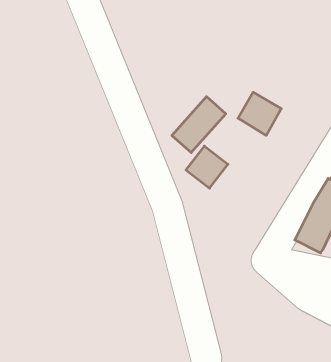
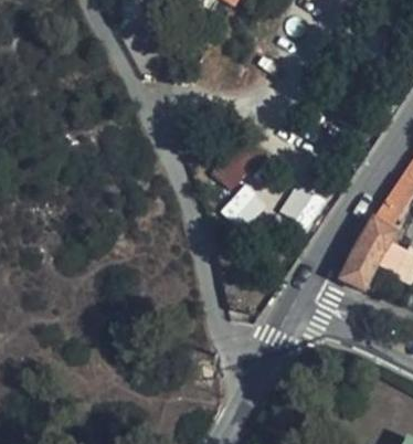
building: [238,92,281,135] -> [282,183,326,228]

